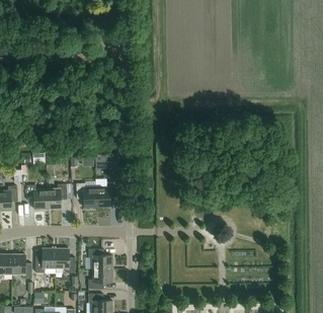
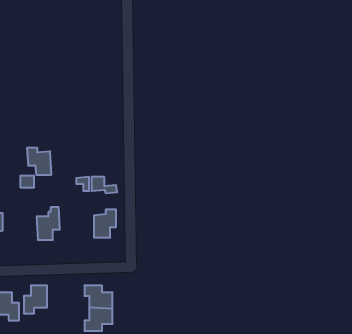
building: [76,183,96,208] -> none
building: [26,185,48,209] -> [27,148,51,175]
building: [56,248,75,272] -> none

